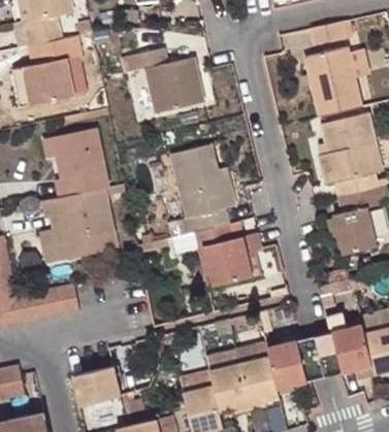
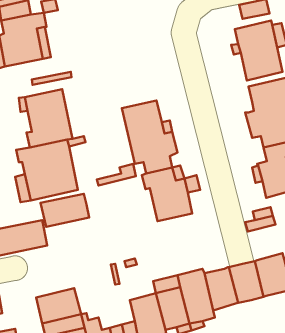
building: [121,48,203,113] -> none
building: none -> [41,194,89,227]

